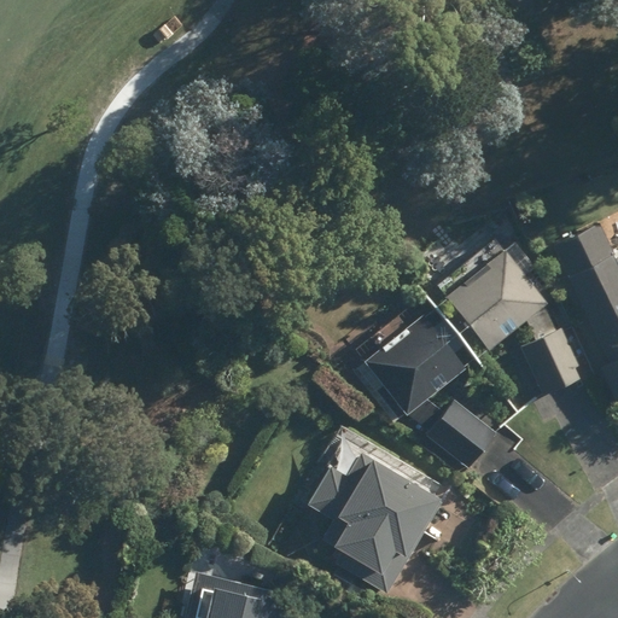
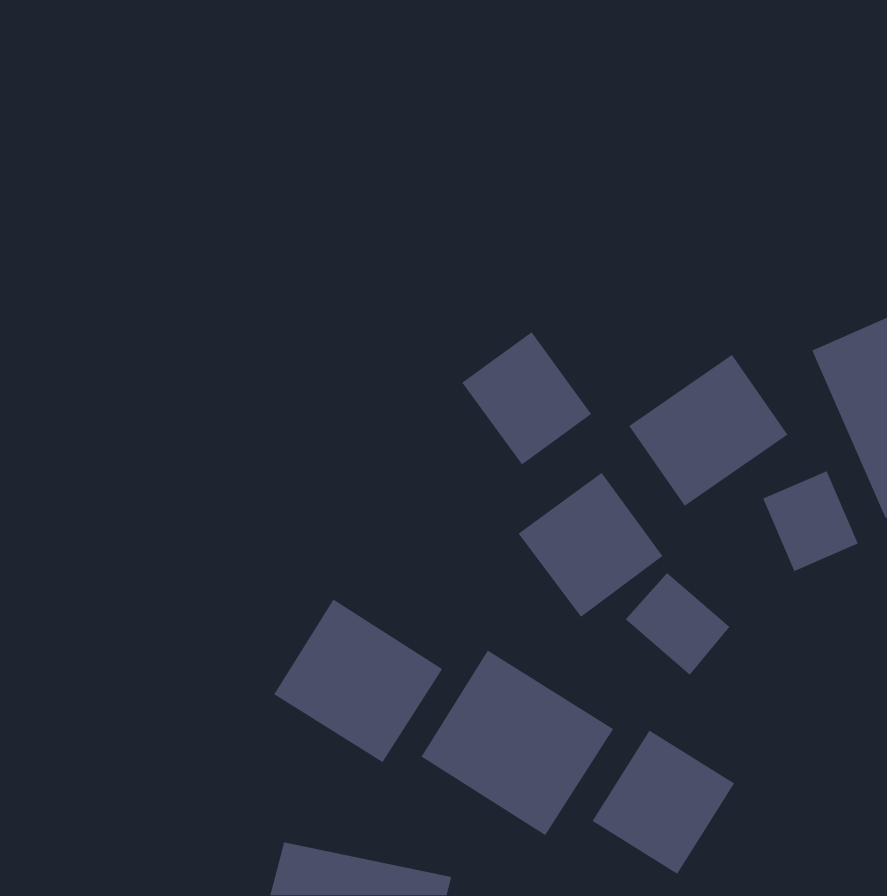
building: none -> [461,331,592,465]
building: none -> [273,598,443,763]
building: none -> [592,729,735,875]

